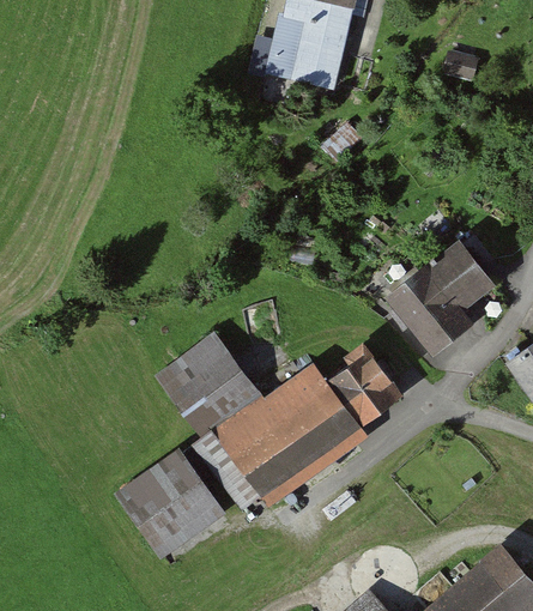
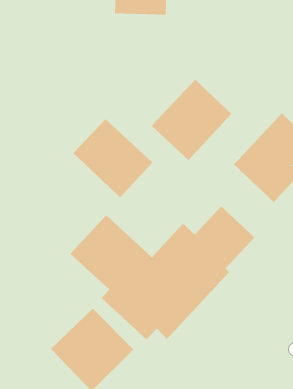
building: none -> [151,79,232,161]
building: none -> [72,118,153,198]

